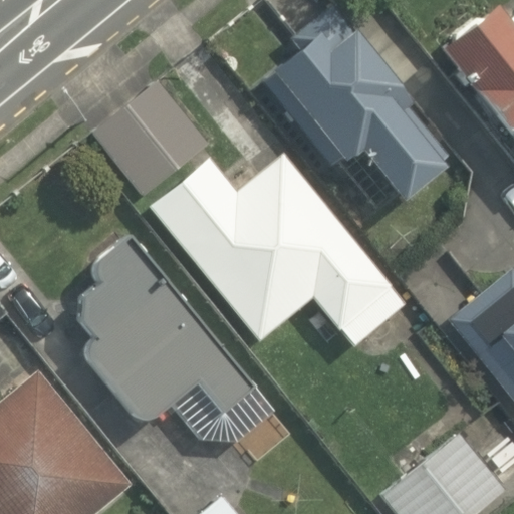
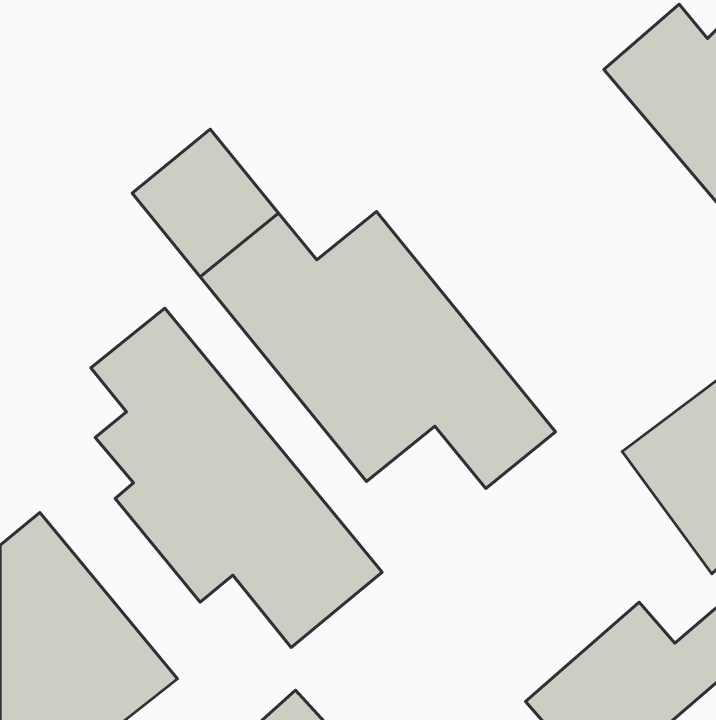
building: [258,10,456,217] -> none

